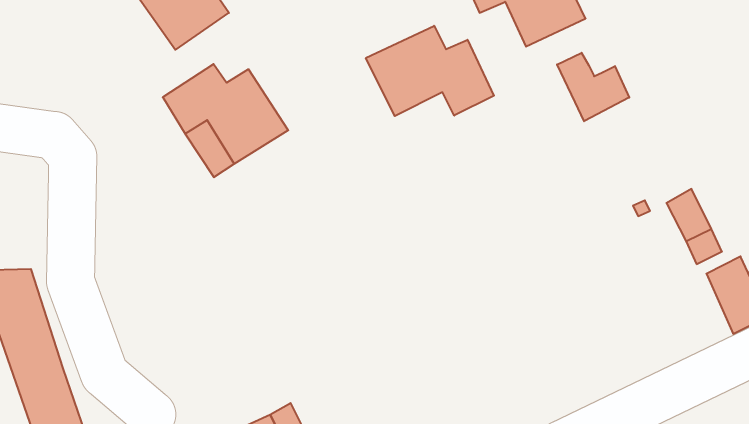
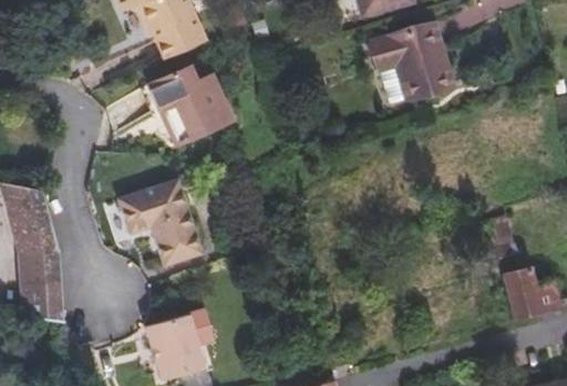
building: [366,26,494,116] -> none
building: [557,53,629,121] -> none
building: none -> [115,174,183,254]

